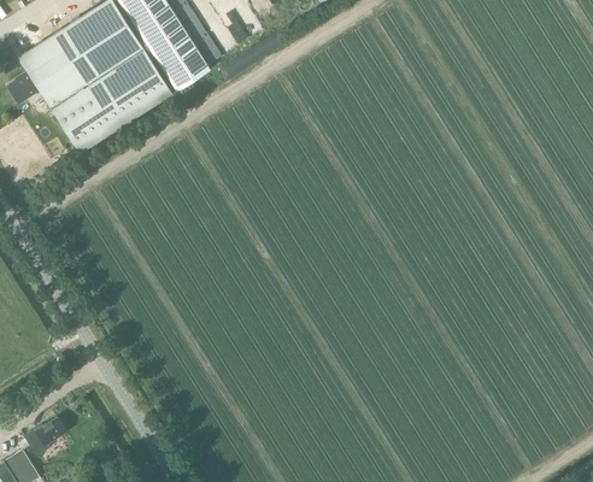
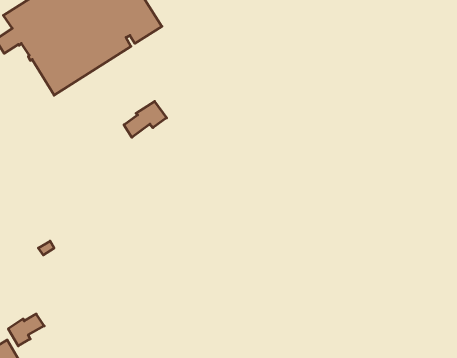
building: none -> [124,101,167,137]

